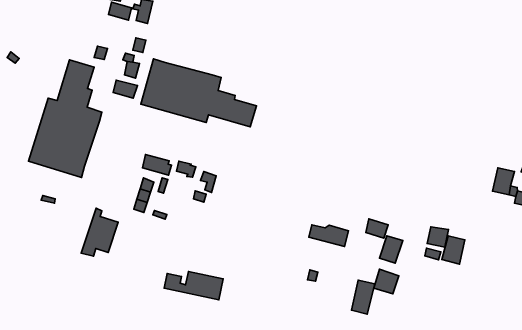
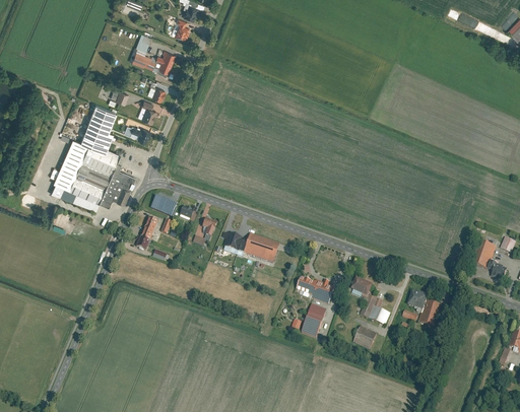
building: [141,59,256,127] -> none
building: [81,208,118,256] -> [95,160,133,205]
building: [164,271,223,300] -> [224,232,280,262]
building: [352,280,375,314] -> [303,304,327,337]

